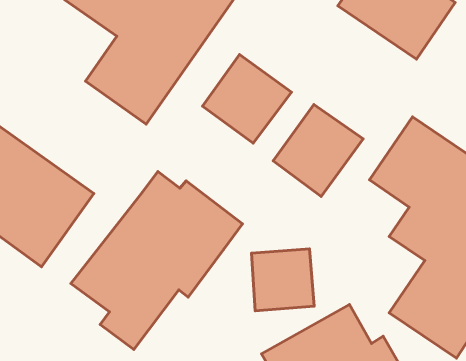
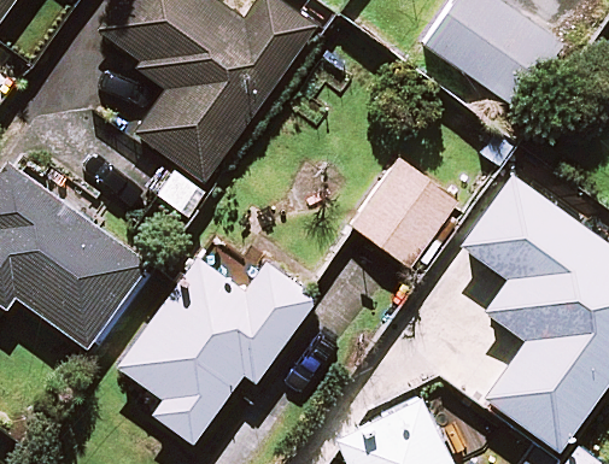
building: [203,55,291,143] -> none
building: [251,249,314,311] -> none

